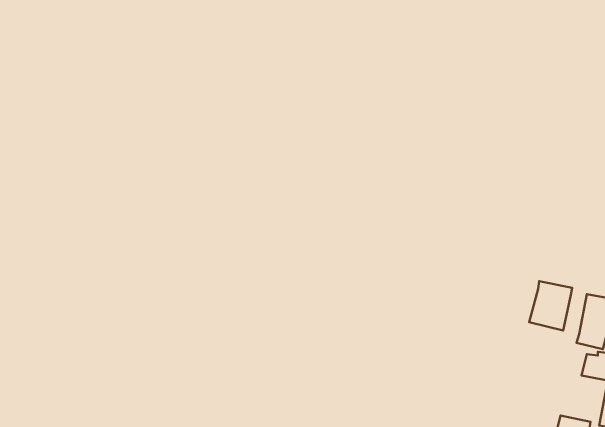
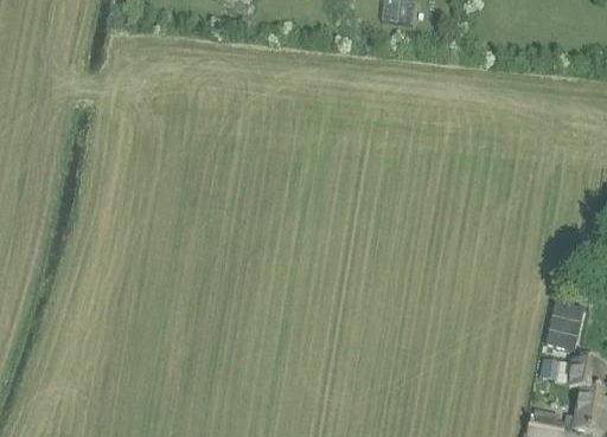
building: [529,281,572,330] -> none

